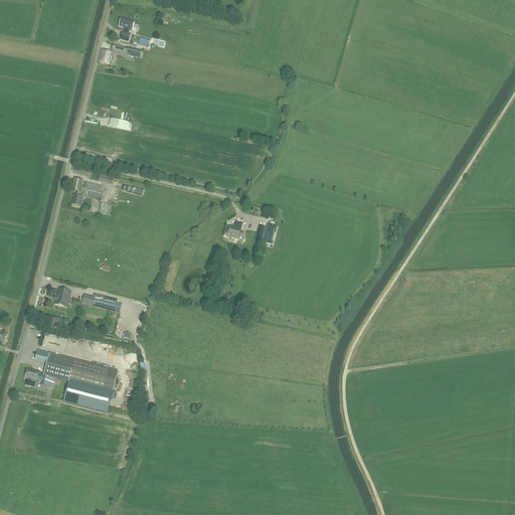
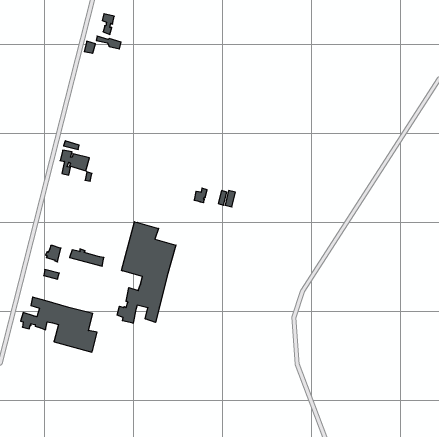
building: none -> [117,222,176,323]

